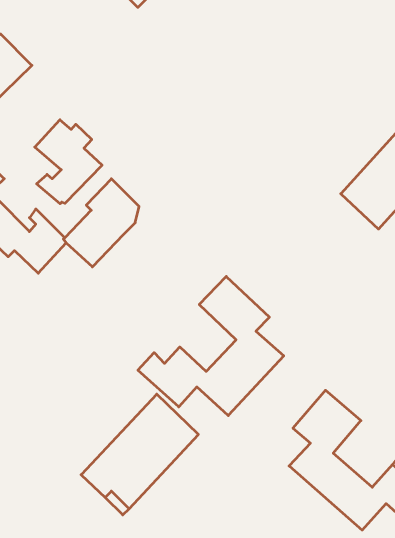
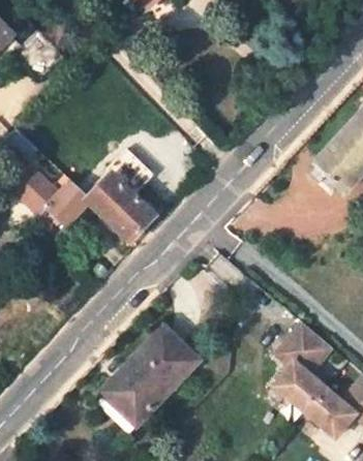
building: [35,120,102,204] -> none
building: none -> [111,194,155,240]
building: [138,276,284,416] -> none

